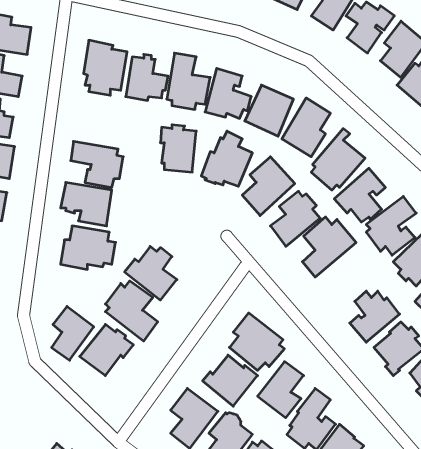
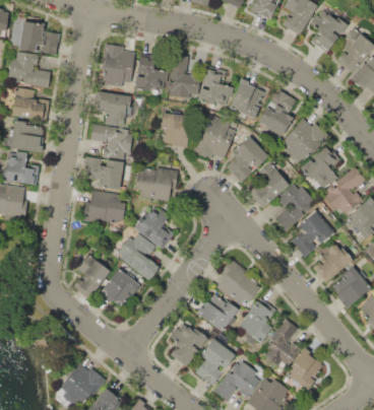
building: none -> [98,90,132,126]
building: none -> [135,166,178,202]
building: none -> [291,210,334,257]

